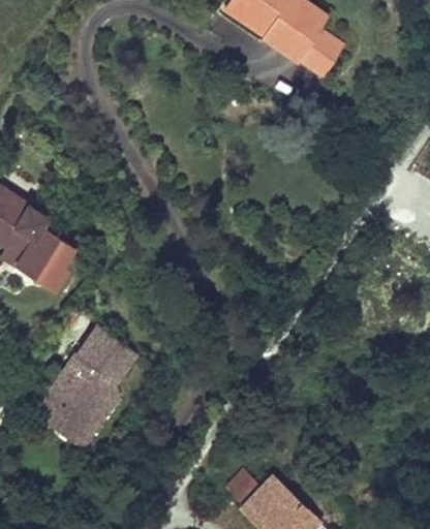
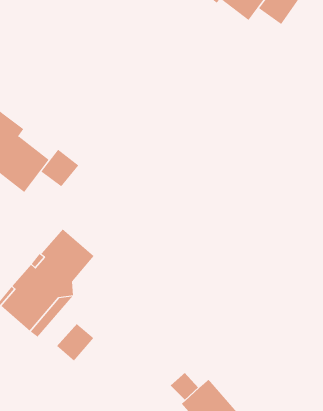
building: none -> [40,149,79,187]
building: none -> [56,323,94,362]

